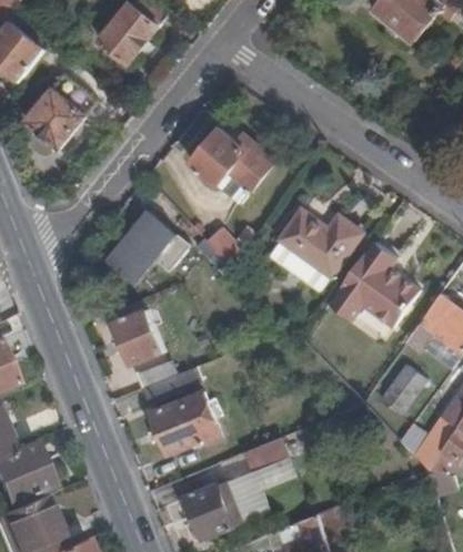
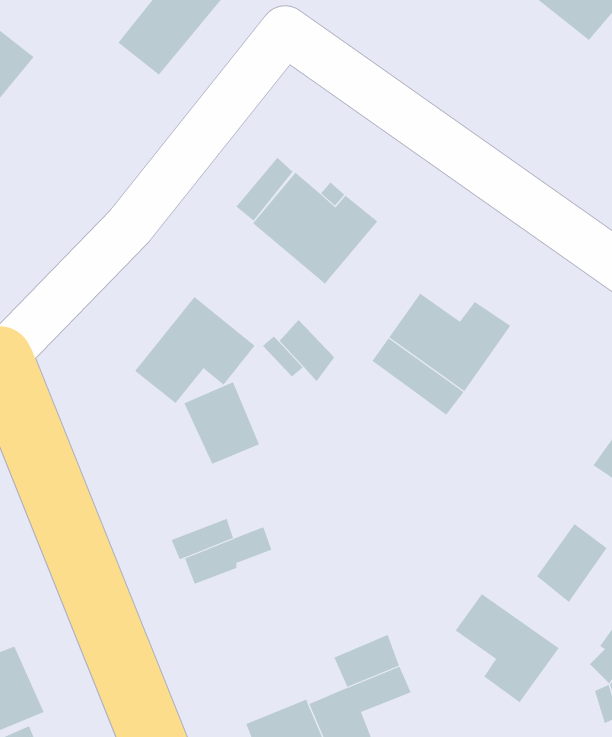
building: [24,74,92,145] -> none
building: [325,239,417,327] -> none
building: [111,307,162,362] -> [184,381,260,464]
building: [149,389,220,452] -> none
building: none -> [455,593,560,703]

